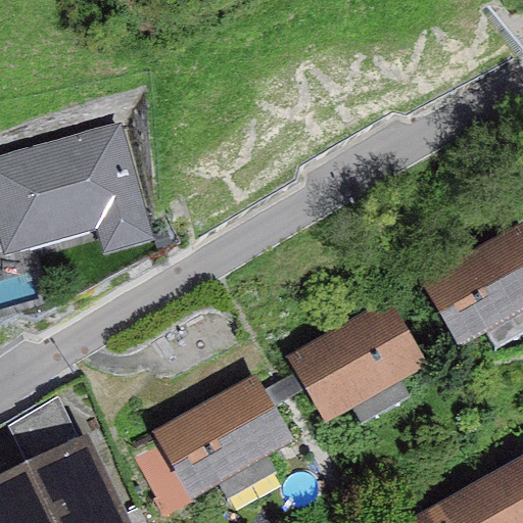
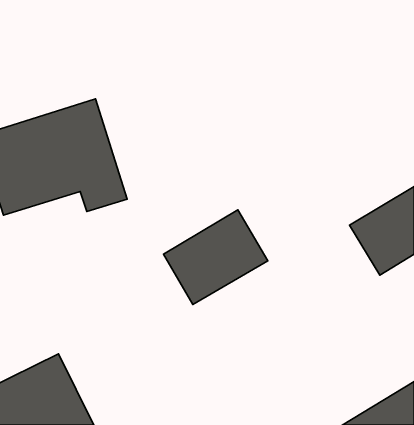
building: [296,300,424,416] -> [163,210,268,304]
building: [162,376,290,491] -> none

